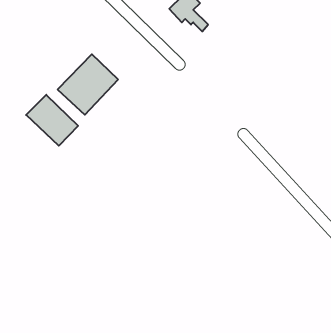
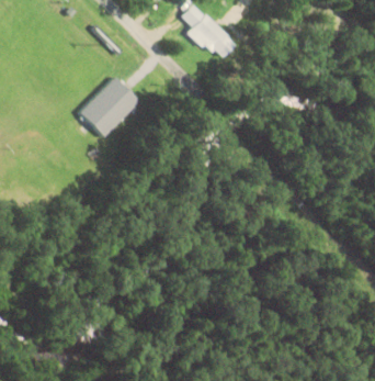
building: [26,95,78,146] -> none

